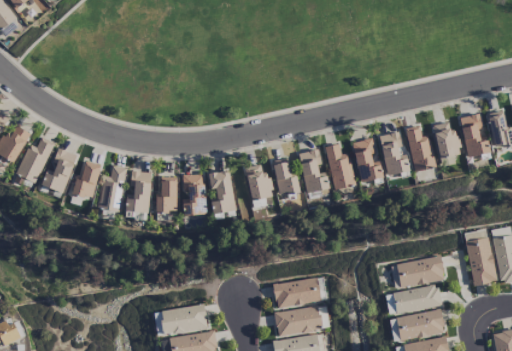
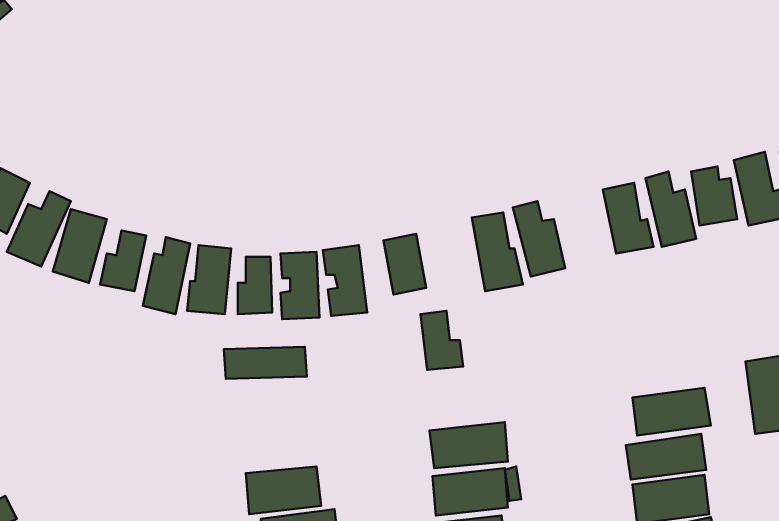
building: [352,139,383,183] -> none
building: [273,159,299,195] -> [420,311,463,370]
building: none -> [224,347,307,379]

